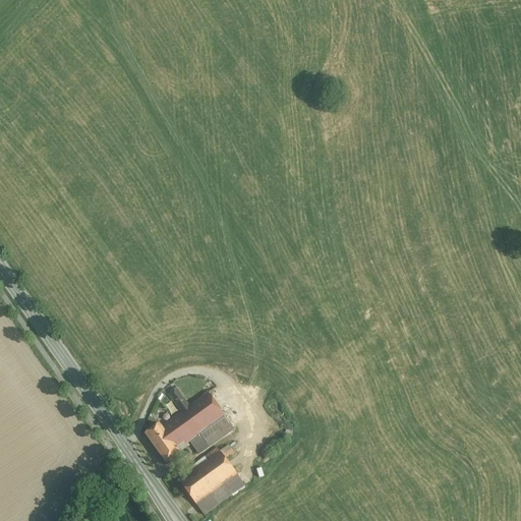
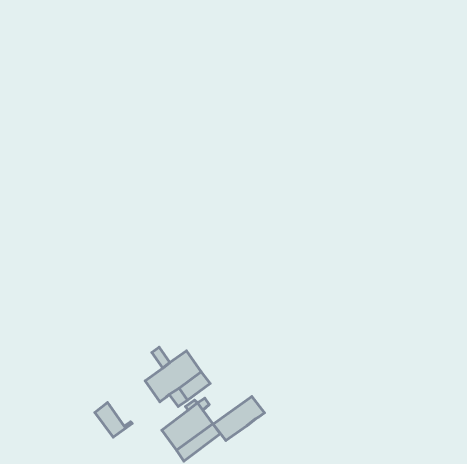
building: [146,421,187,460] -> [95,403,132,437]
building: none -> [213,396,264,441]

